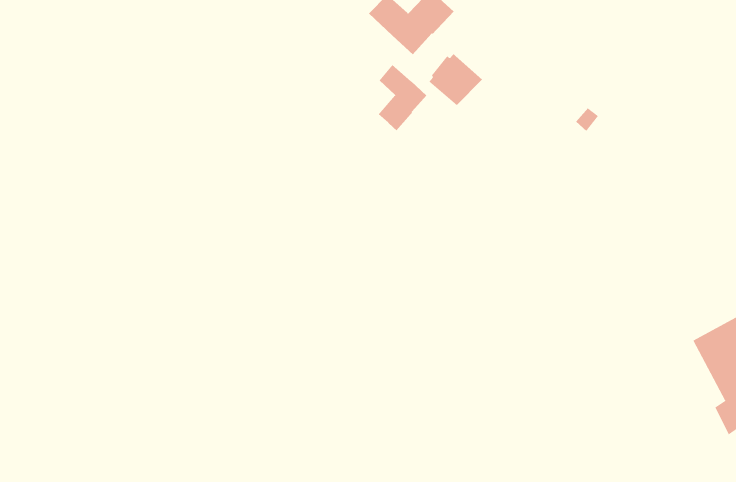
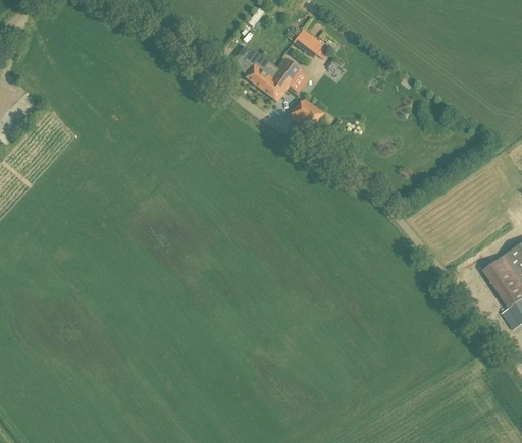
building: [378,64,427,131] -> none

